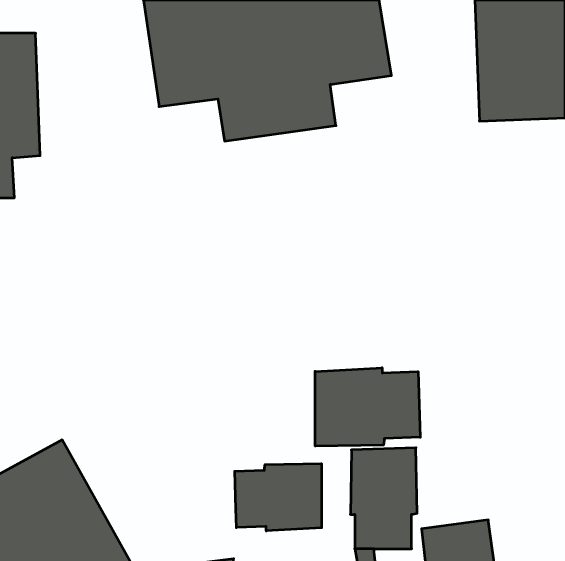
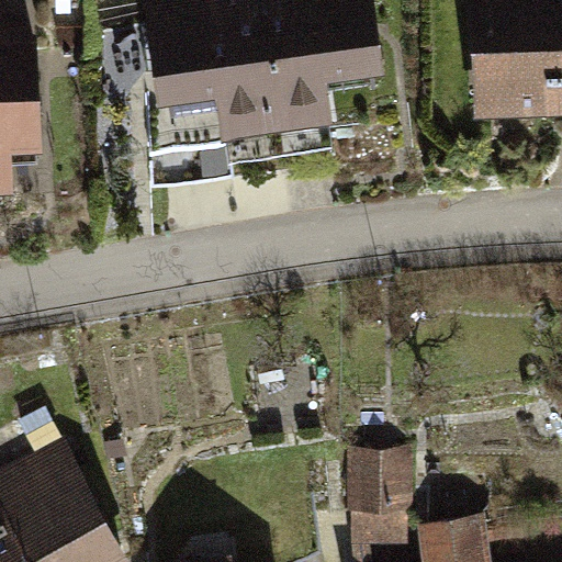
building: [315,368,420,446] -> none
building: [235,464,322,531] -> none

